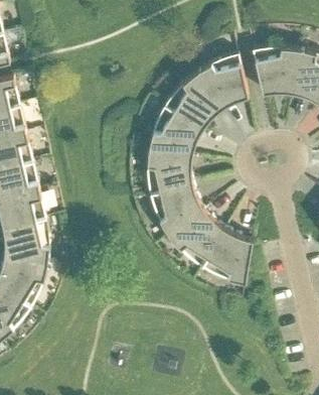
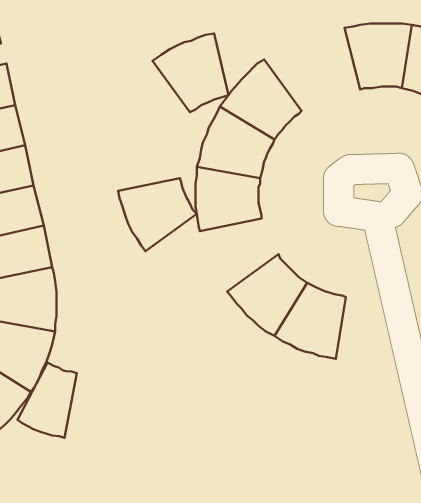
building: [194,54,248,110] -> [153,34,229,112]
building: [149,185,204,237] -> [118,178,197,251]
building: none -> [17,362,77,438]

